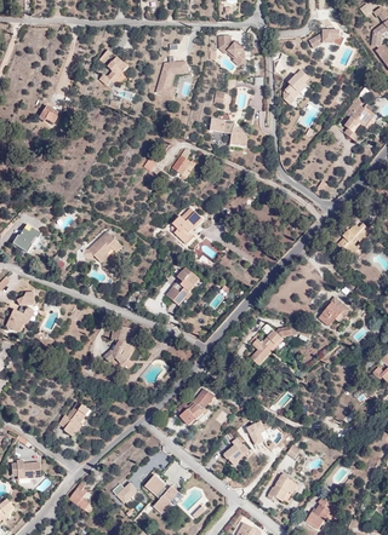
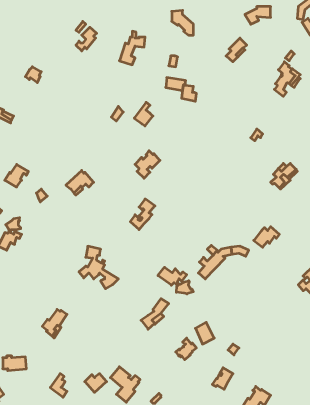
building: none -> [158,267,193,294]

